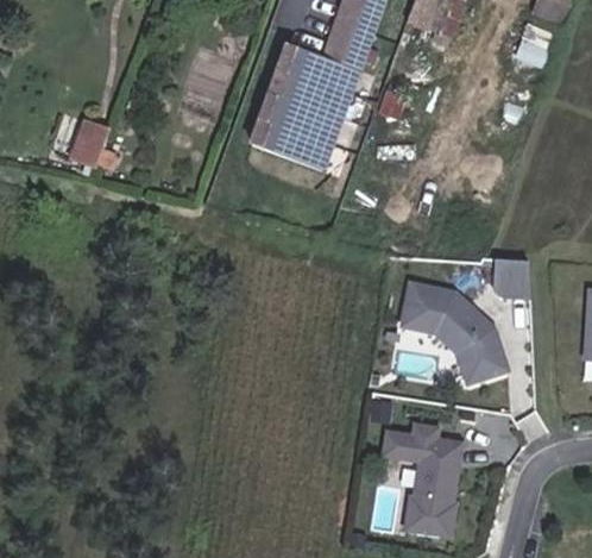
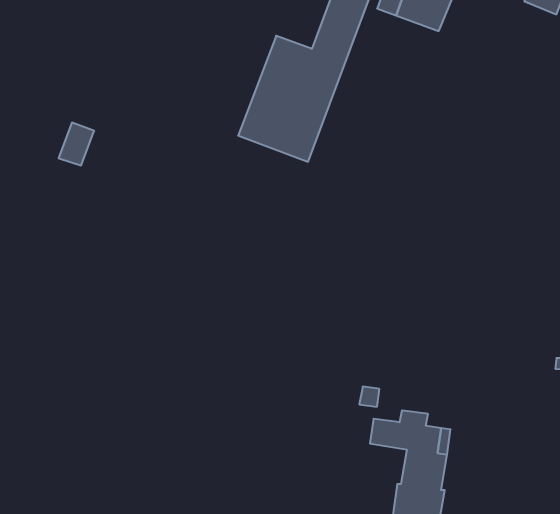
building: [493,258,533,297] -> none
building: [409,286,510,381] -> none

